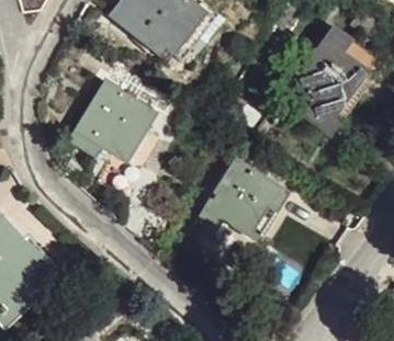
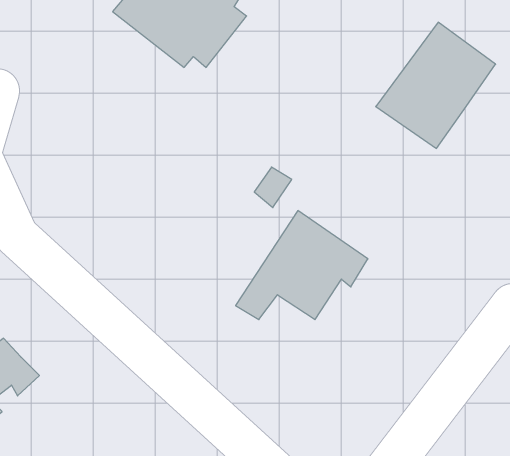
building: [70,81,150,156] -> none

